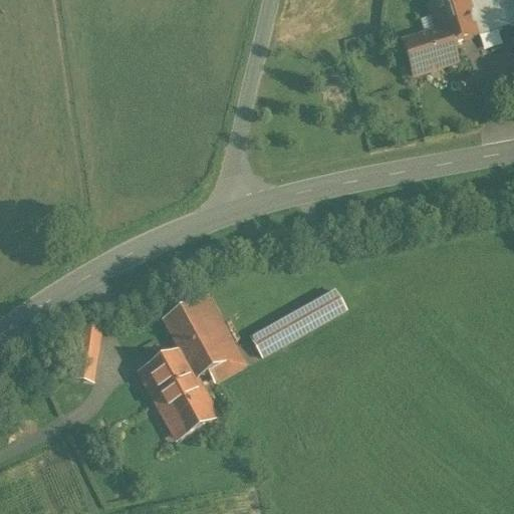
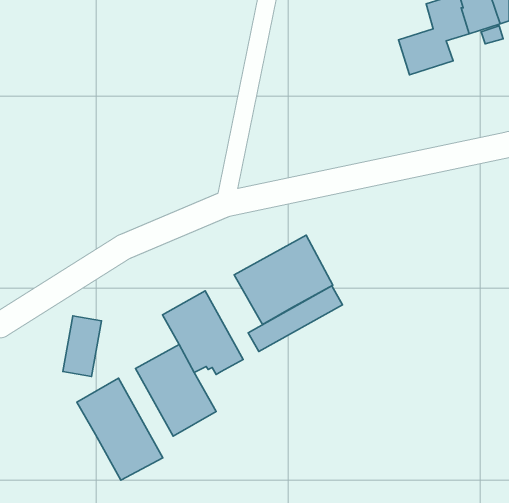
building: none -> [234,235,333,325]
building: none -> [77,378,163,480]

